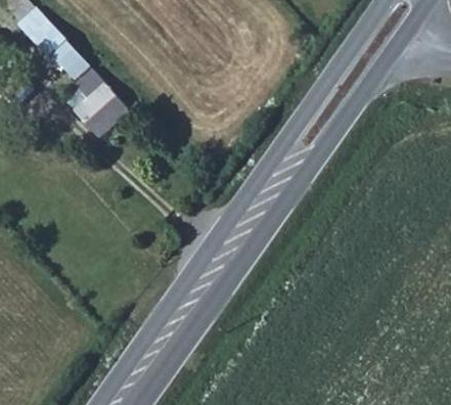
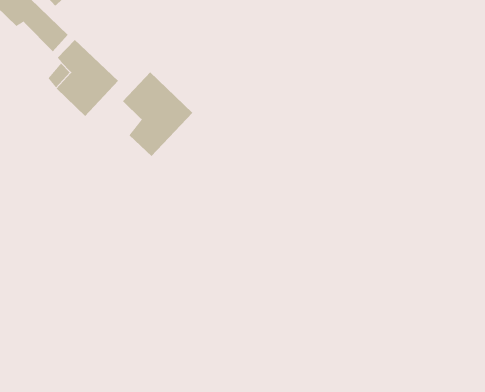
building: none -> [122,72,193,157]

